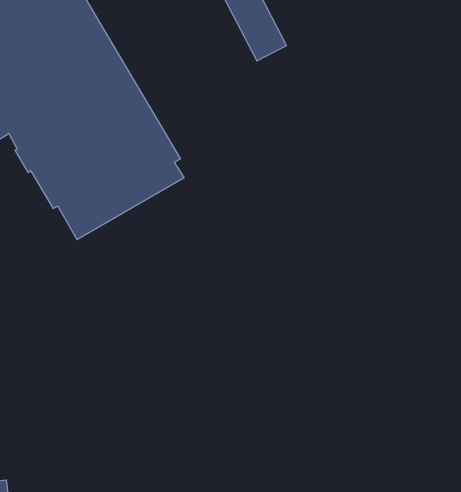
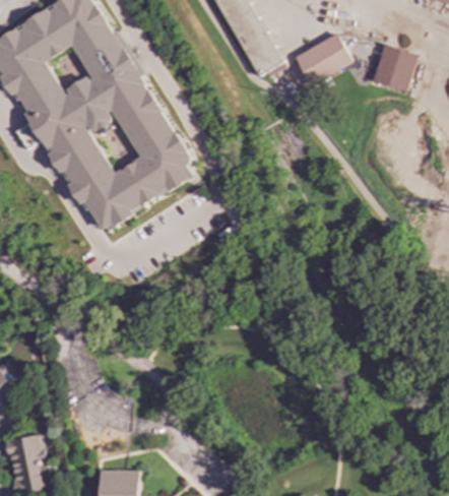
building: none -> [295,34,351,83]
building: none -> [372,43,418,90]

